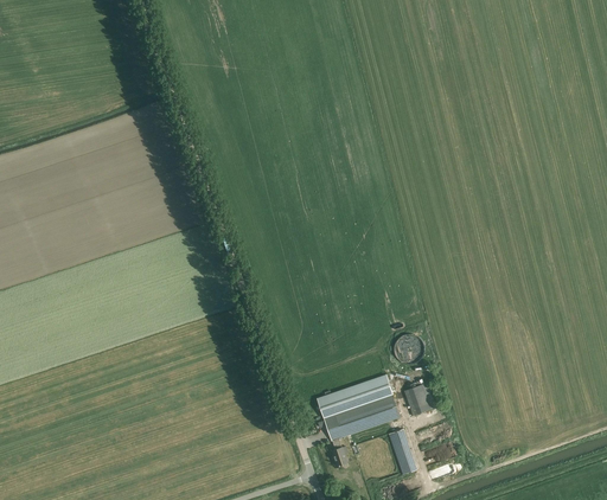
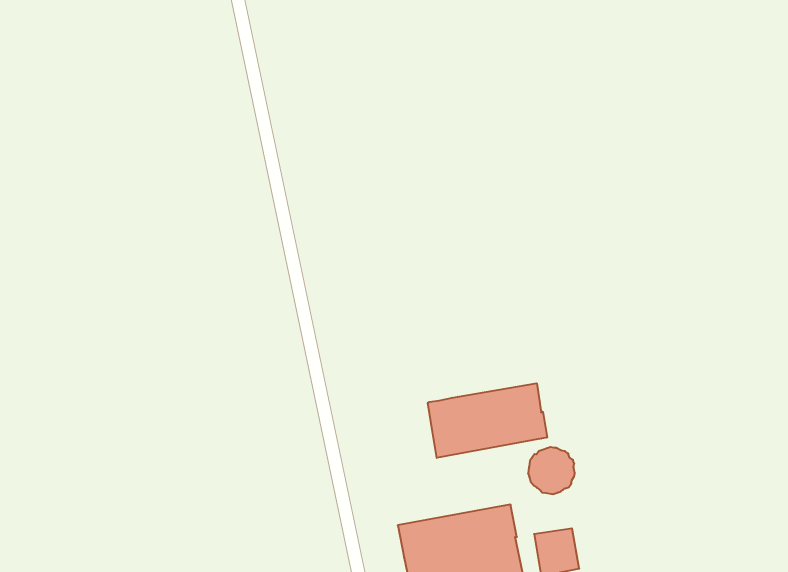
building: none -> [428,383,547,458]

